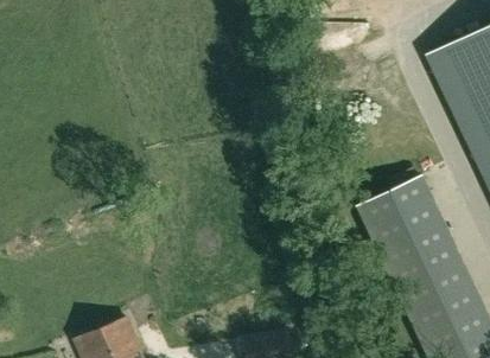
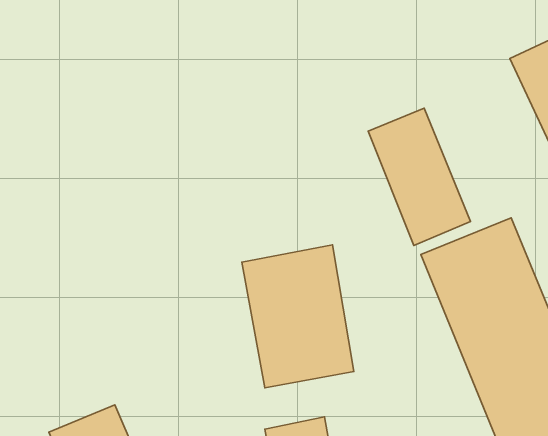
building: none -> [368,108,471,246]
building: none -> [242,245,354,388]

